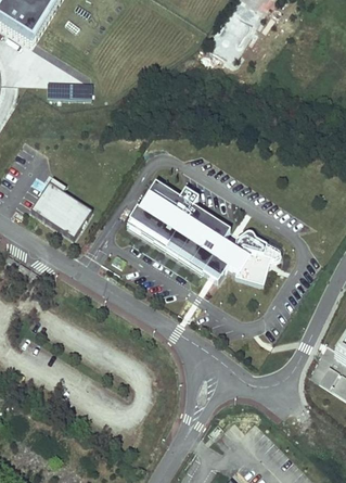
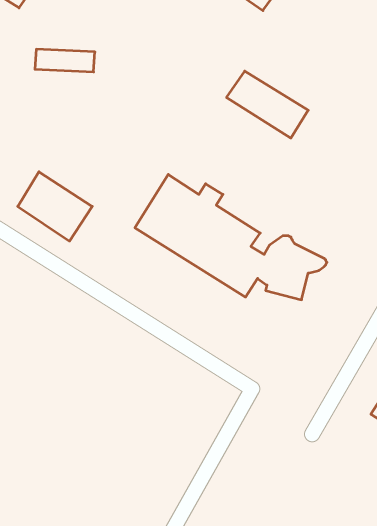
building: none -> [227,71,308,138]

